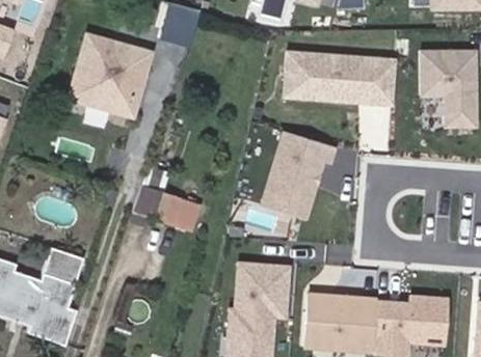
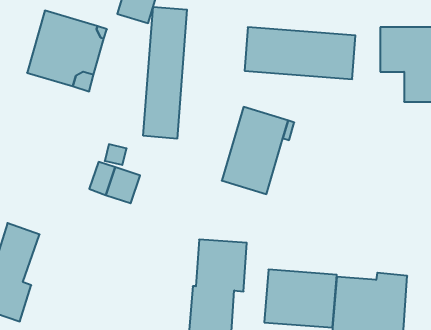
building: none -> [143,7,187,139]

